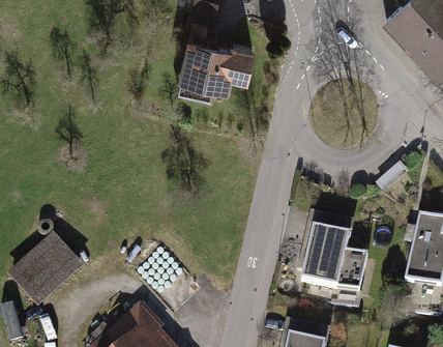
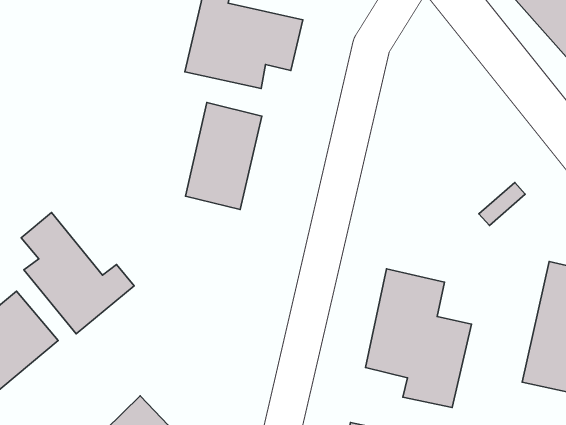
building: none -> [185,103,262,210]
building: none -> [21,212,134,334]

